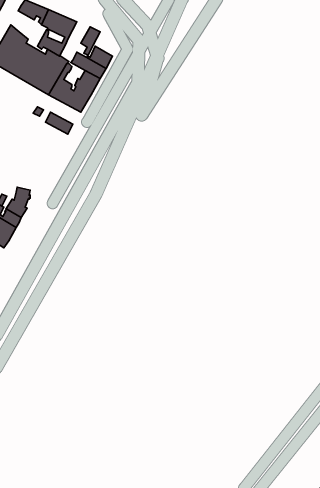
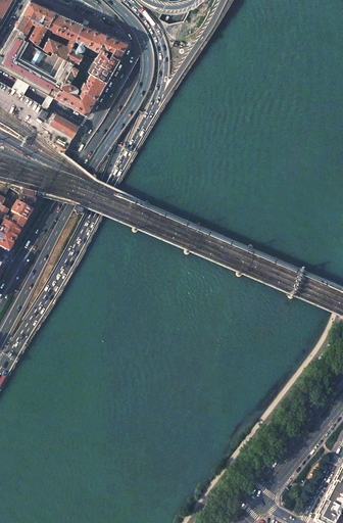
building: none -> [16,12,47,44]
building: none -> [65,23,96,62]
building: none -> [99,34,128,58]

